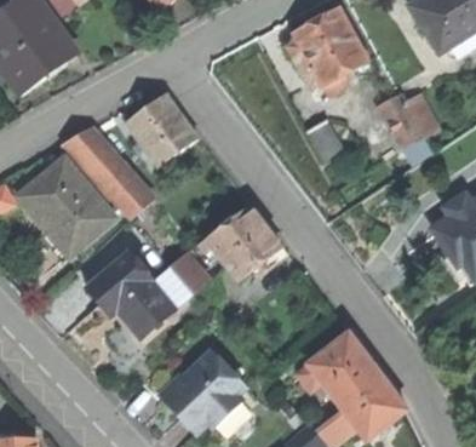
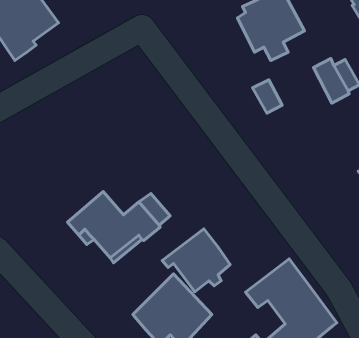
building: [128,94,199,165] -> none
building: [63,128,151,219] -> none
building: [17,159,113,259] -> none
building: [199,206,280,281] -> [162,229,230,292]

